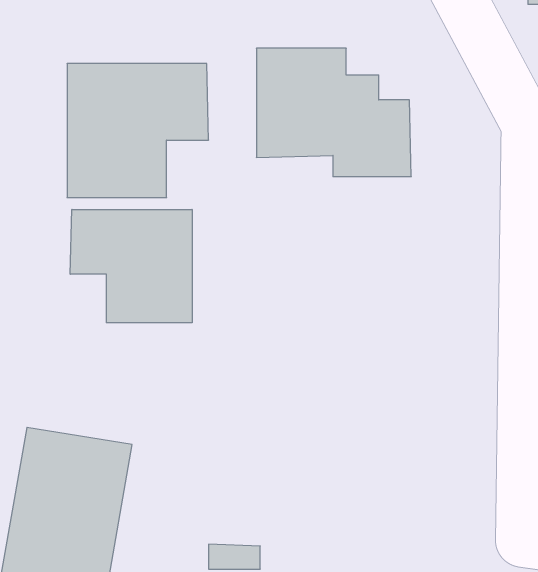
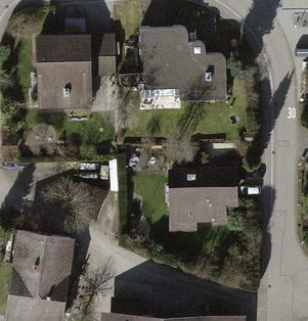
building: [70,209,192,323] -> none
building: none -> [171,172,235,225]

